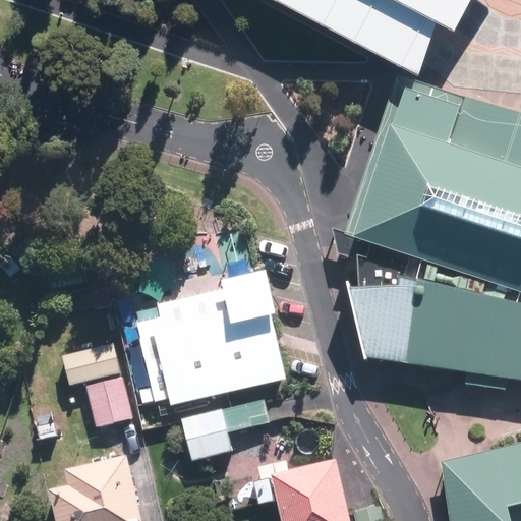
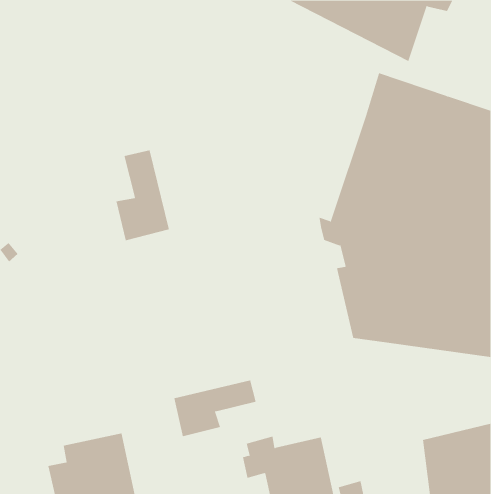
building: none -> [116,150,170,241]
building: [132,285,289,406] -> none
building: [63,343,133,426] -> none

